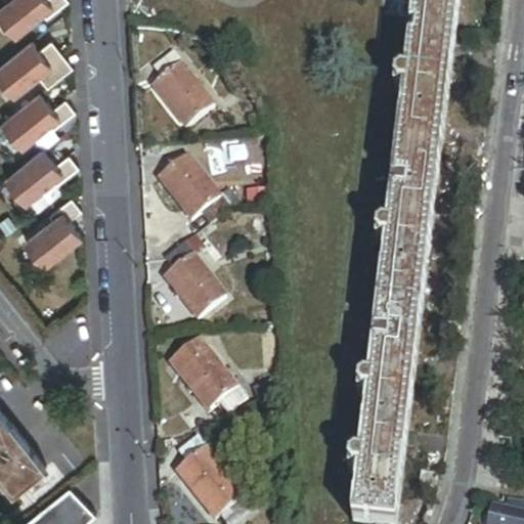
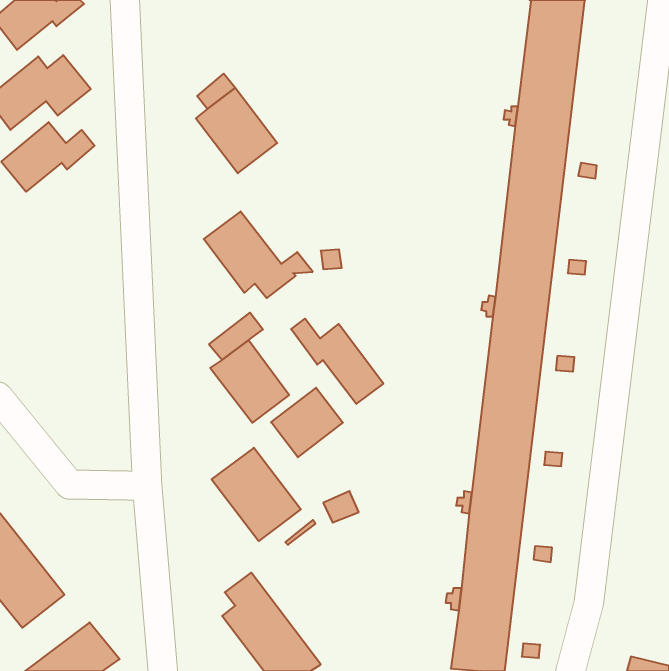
building: [5,149,77,204] -> none
building: [28,198,82,263] -> none
building: none -> [291,319,383,404]
building: none -> [271,388,343,457]

